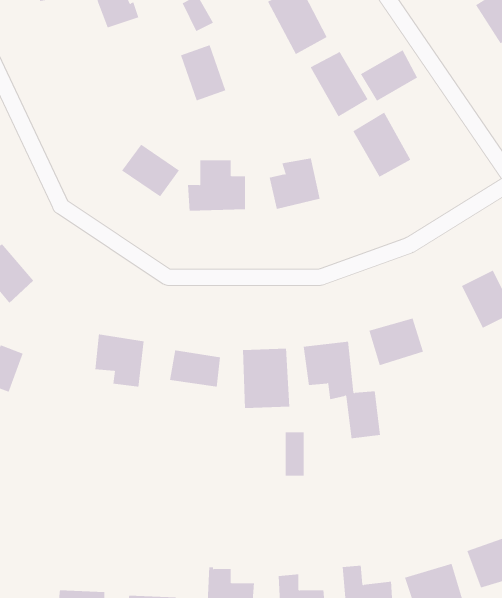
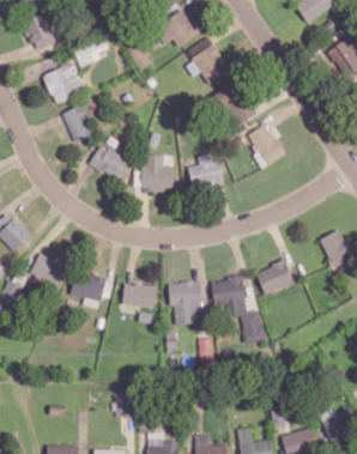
building: none -> [46,65,85,101]
building: [180,44,226,101] -> [63,104,95,143]
building: [360,49,418,102] -> none
building: none -> [30,253,63,284]

